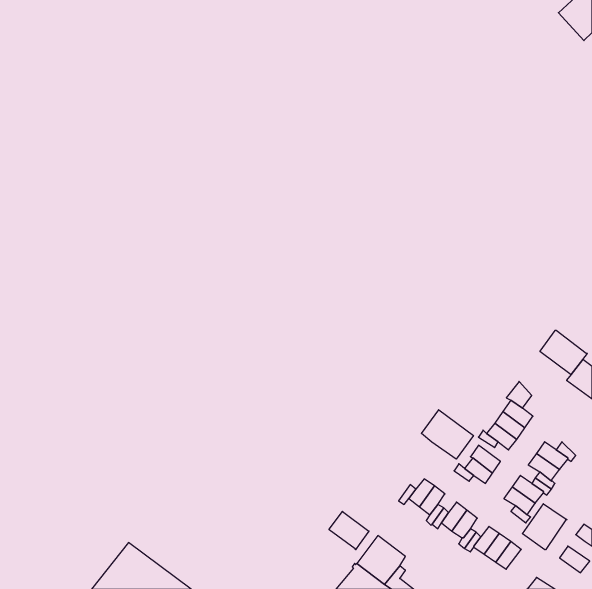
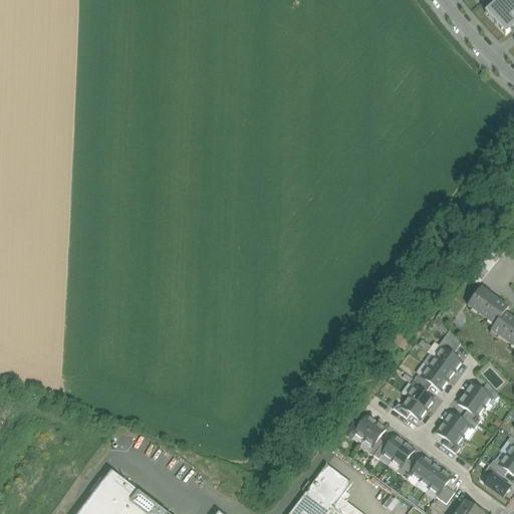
building: [421,410,473,459] -> none
building: [522,504,567,550] -> none
building: [329,511,369,550] -> none

